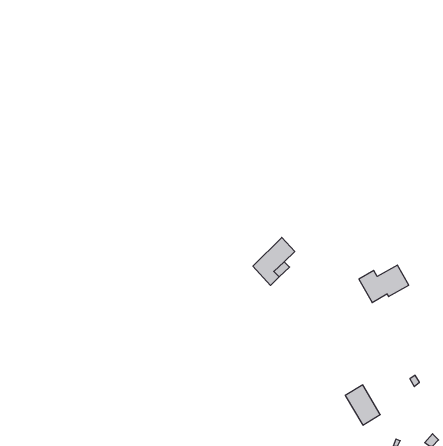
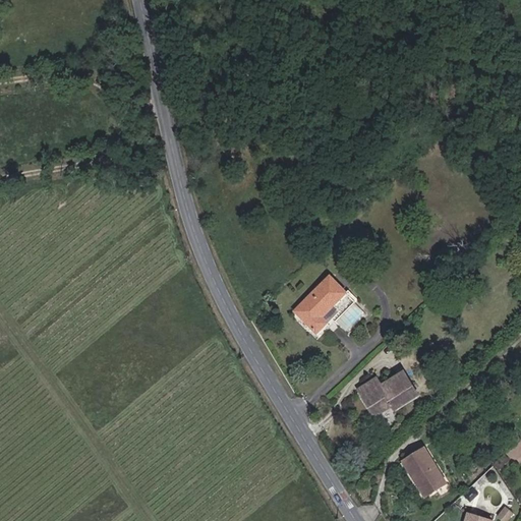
building: [359,265,409,303] -> [358,371,416,415]

